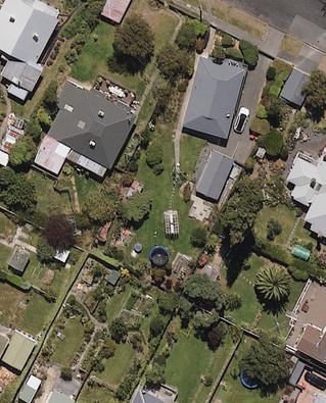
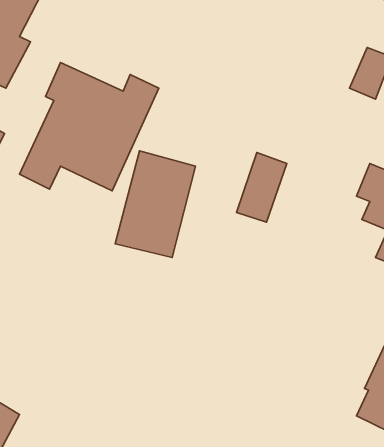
building: [183,58,243,138] -> [115,151,195,257]

